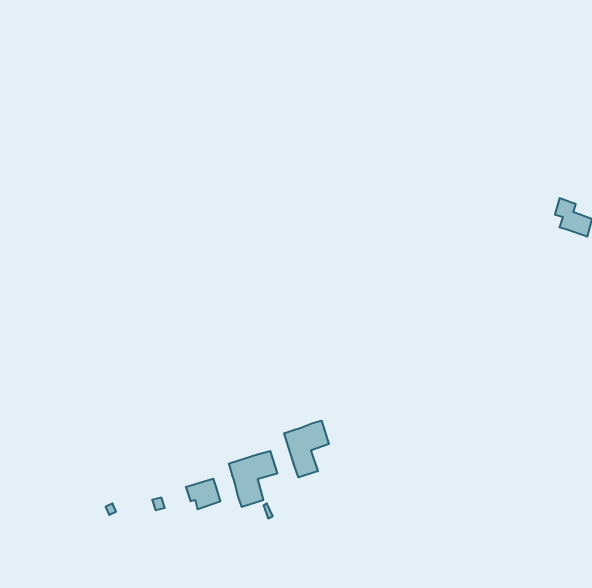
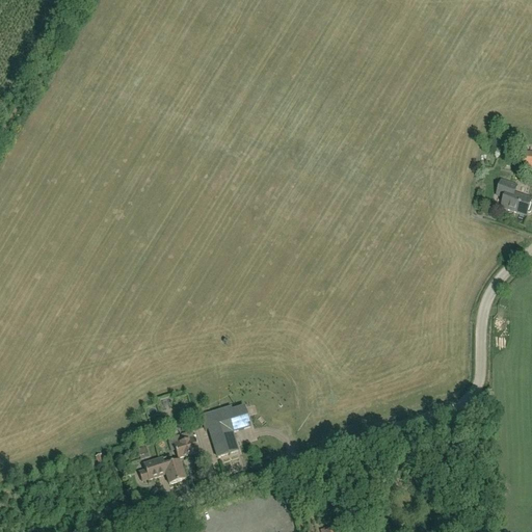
building: [284,421,329,477] -> none
building: none -> [137,453,184,482]

